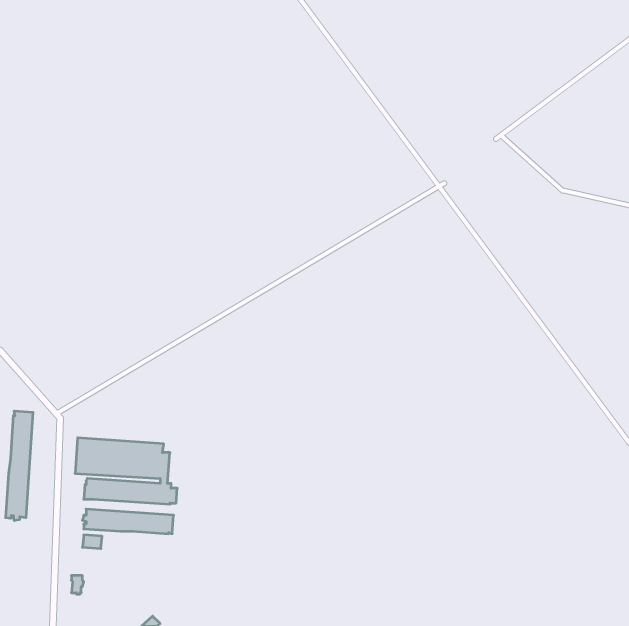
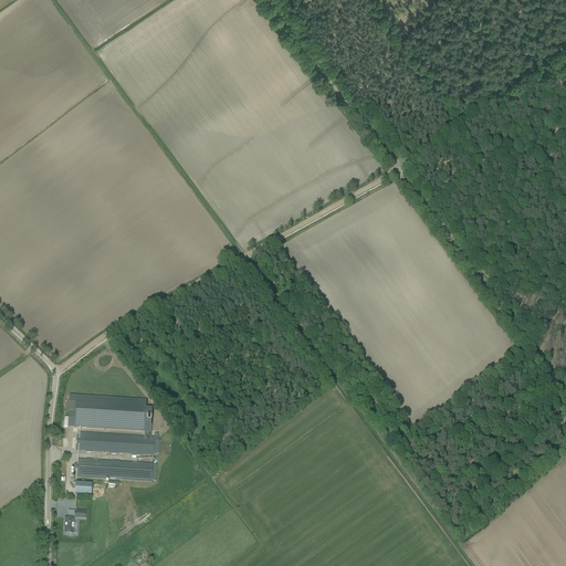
building: [6,411,33,521] -> none

